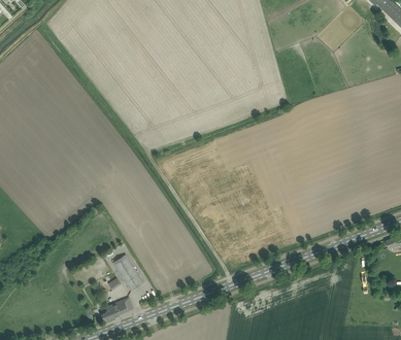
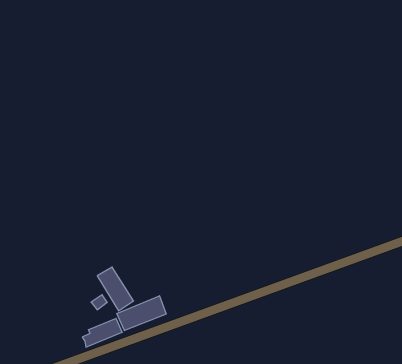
building: none -> [117,296,166,331]

